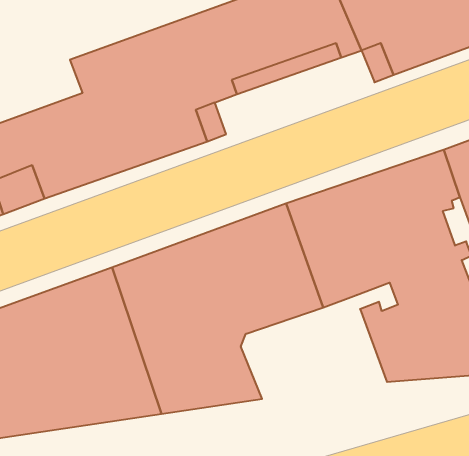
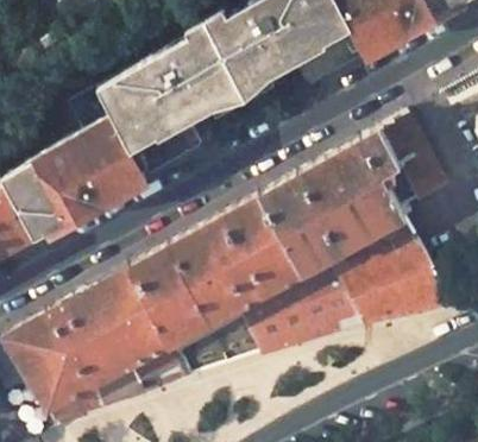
building: none -> [240,259,361,354]

